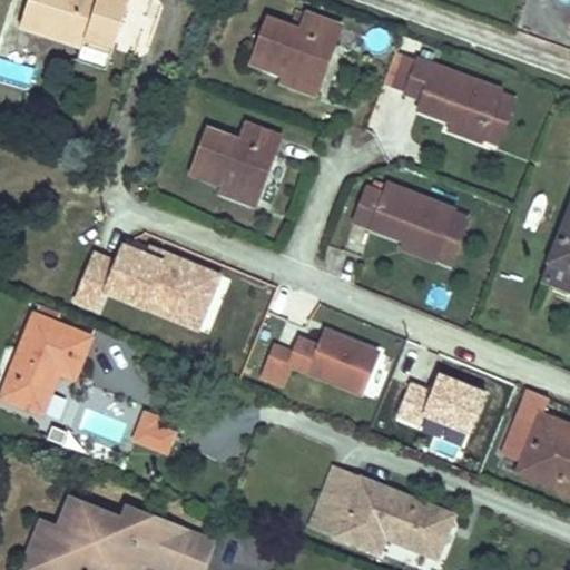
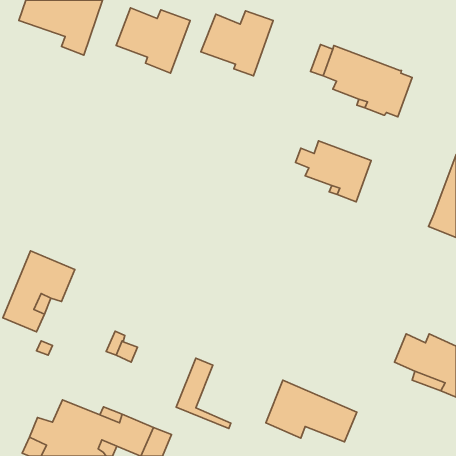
building: [189,122,282,204] -> [116,8,190,73]
building: [73,237,219,332] -> none
building: [262,328,376,395] -> none
building: [396,373,487,433] -> none
building: [307,465,375,553] -> [176,358,231,428]

